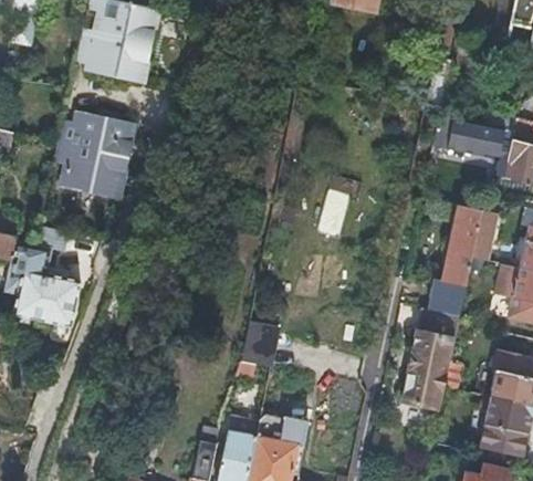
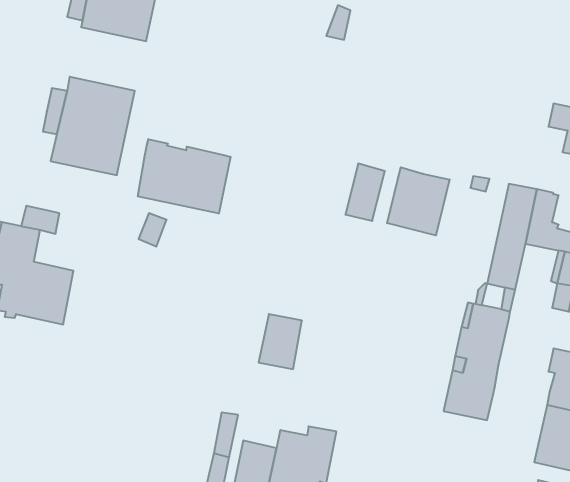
building: [452,115,491,153] -> none
building: none -> [138,139,231,214]
building: none -> [387,167,450,235]

